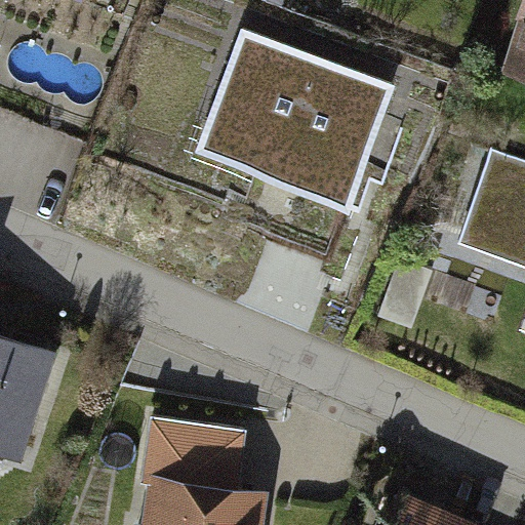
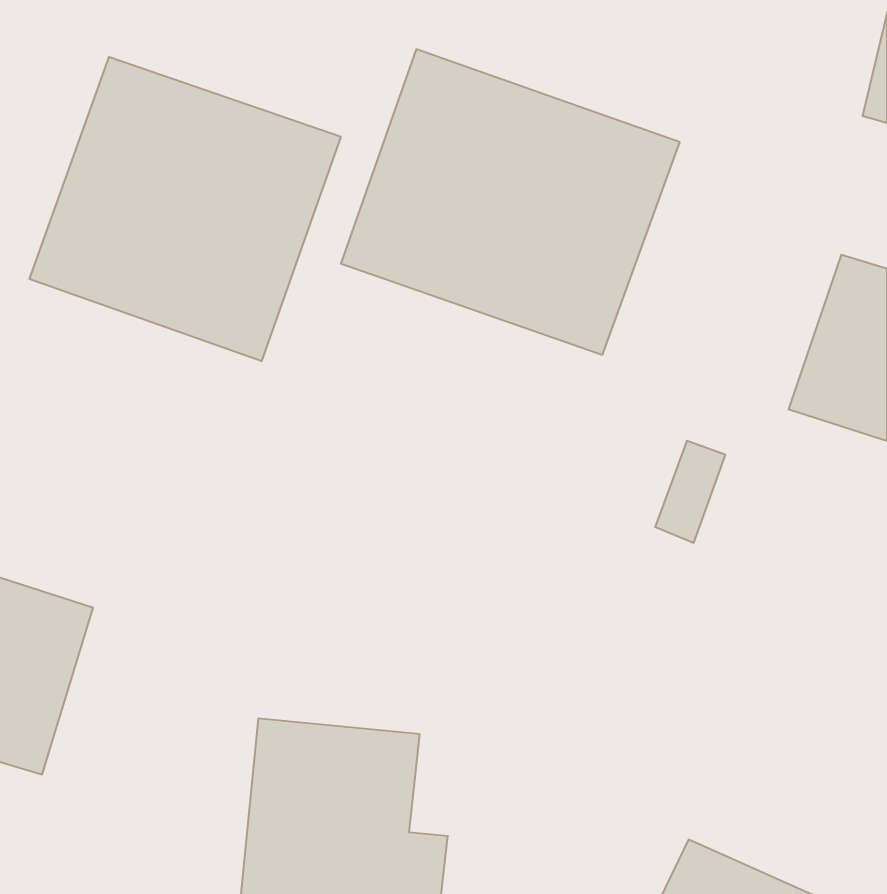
building: none -> [29,57,341,361]

